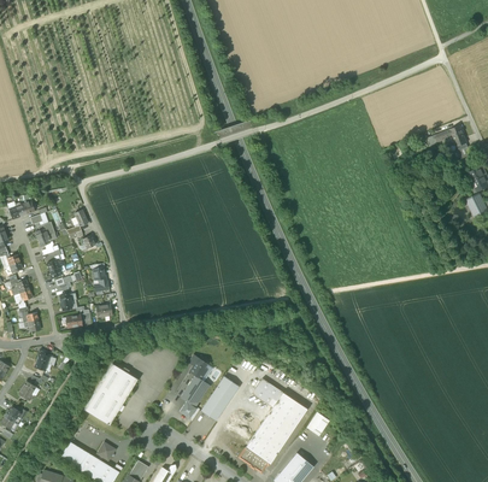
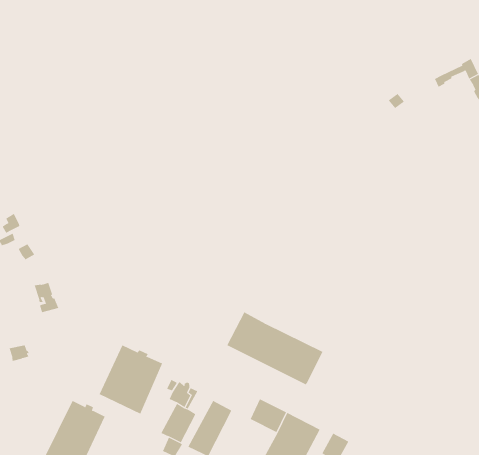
building: none -> [227,311,323,385]
building: none -> [99,345,163,414]

